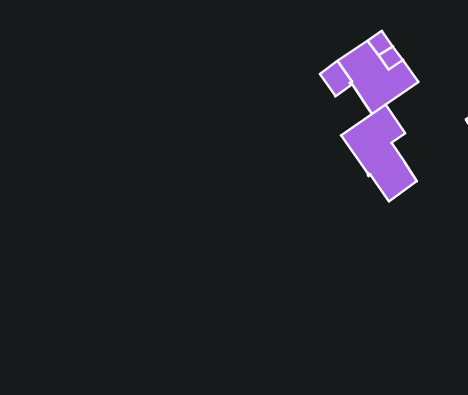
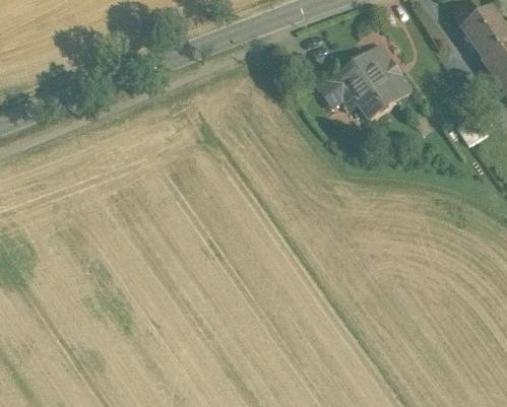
building: [341,105,417,201] -> none

